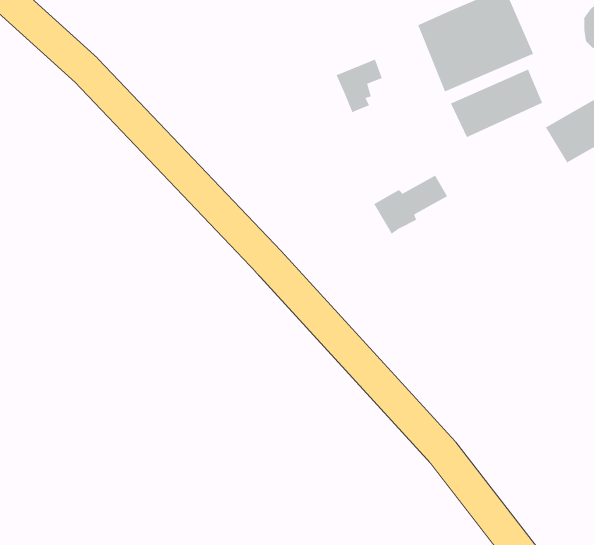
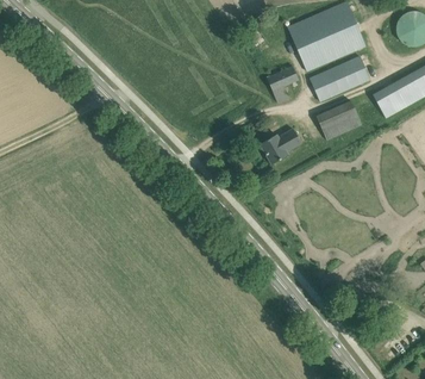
building: [335,58,383,113] -> [267,67,298,102]
building: none -> [318,99,364,138]

